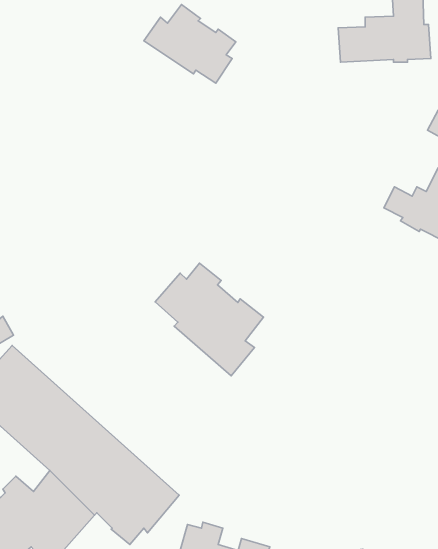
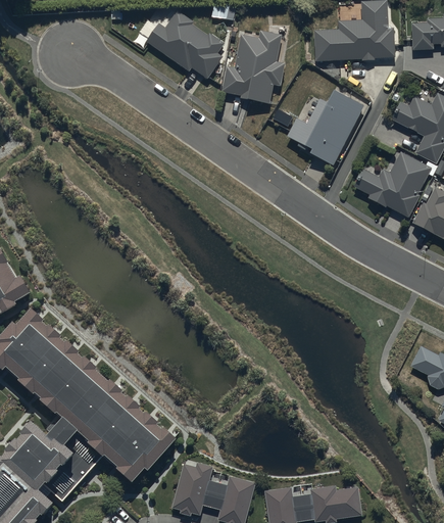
building: none -> [220,32,283,104]
building: none -> [286,93,362,168]
building: [155,263,264,376] -> none

